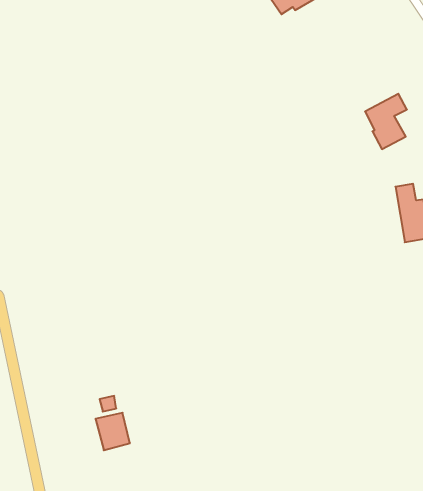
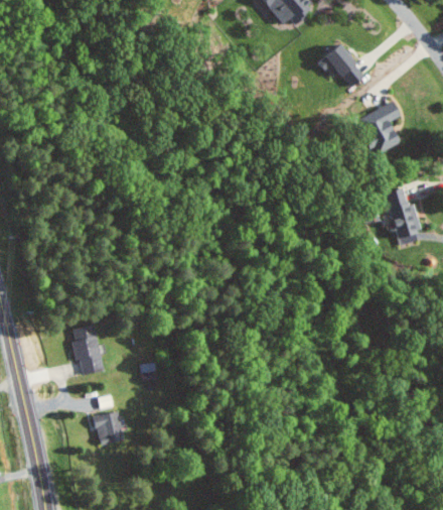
building: none -> [313,42,361,86]
building: none -> [75,323,110,373]

